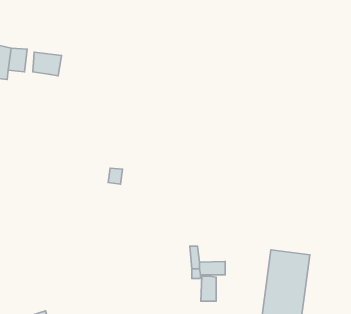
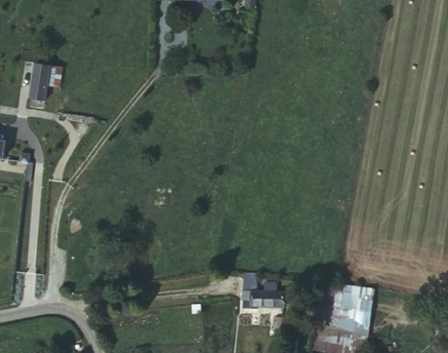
building: [33,52,61,76] -> none
building: [201,276,216,301] -> none

